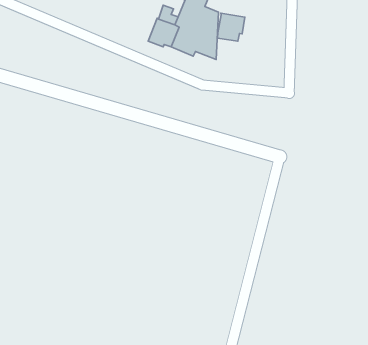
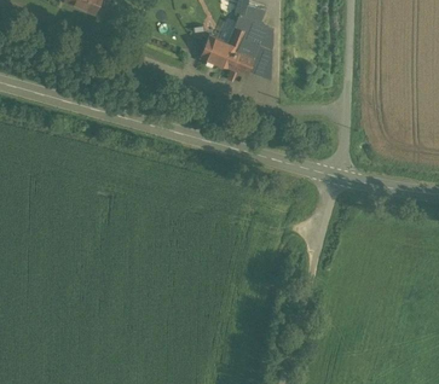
building: [217,13,245,41] -> none

